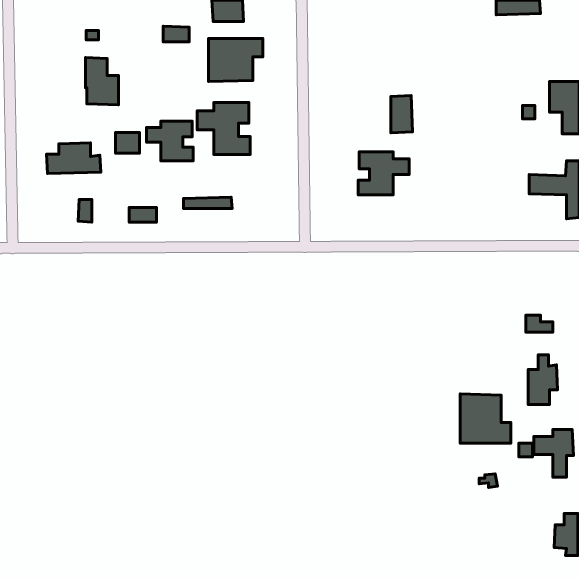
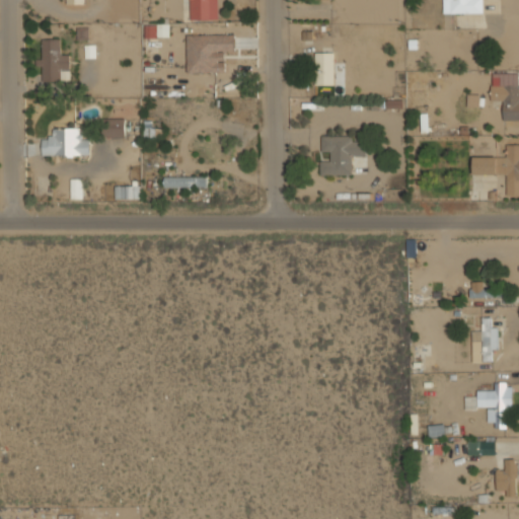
building: [86,57,119,105] -> [41,40,70,82]
building: [391,95,412,133] -> [315,53,335,86]
building: [197,103,250,154] -> none
building: [146,121,193,161] -> none
building: [460,394,511,443] -> none

